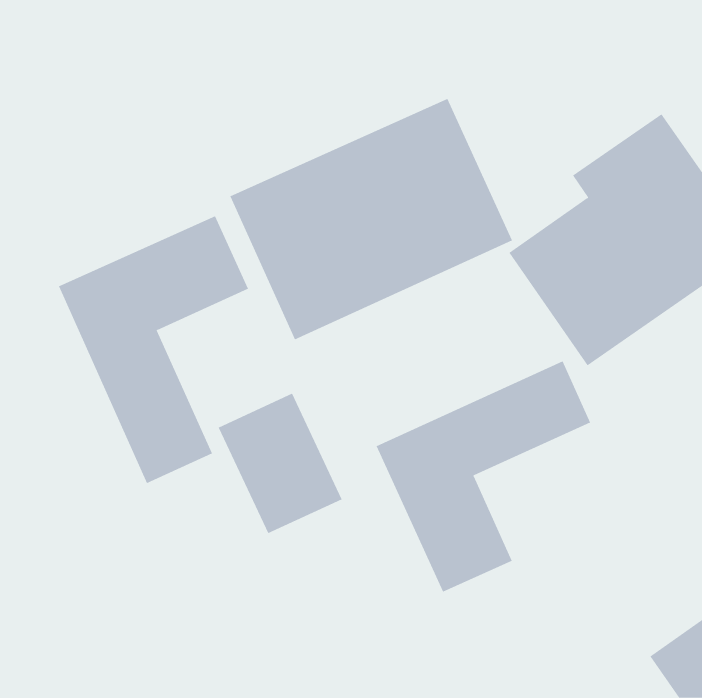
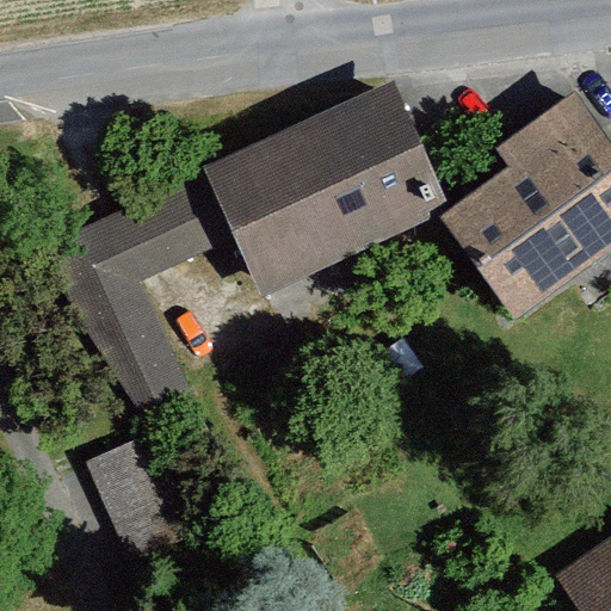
building: [376,361,591,593] -> none
building: [218,393,342,534] -> [90,422,197,544]

